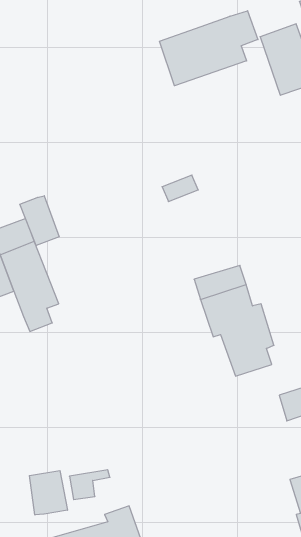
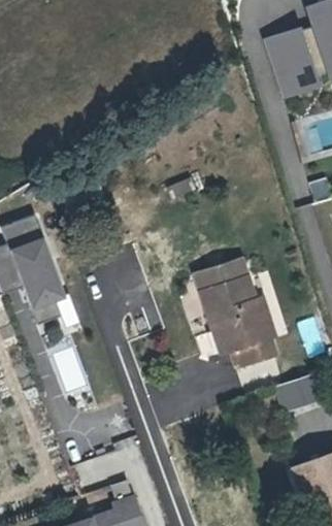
building: [160,11,258,86] -> none
building: [20,196,59,246] -> none
building: [29,471,67,515] -> none

